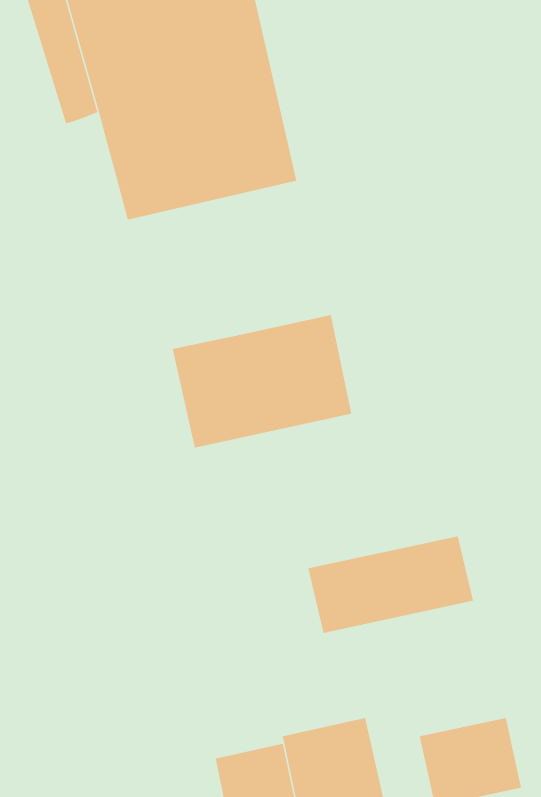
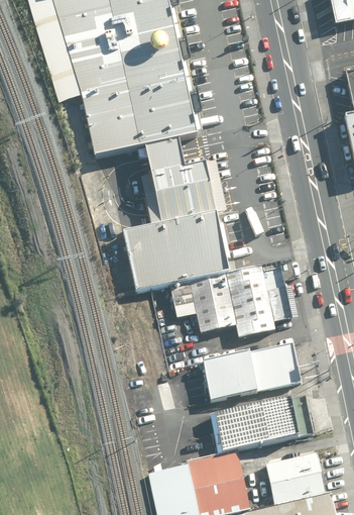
building: none -> [144,139,217,224]
building: none -> [170,262,291,336]
building: none -> [211,393,312,451]

